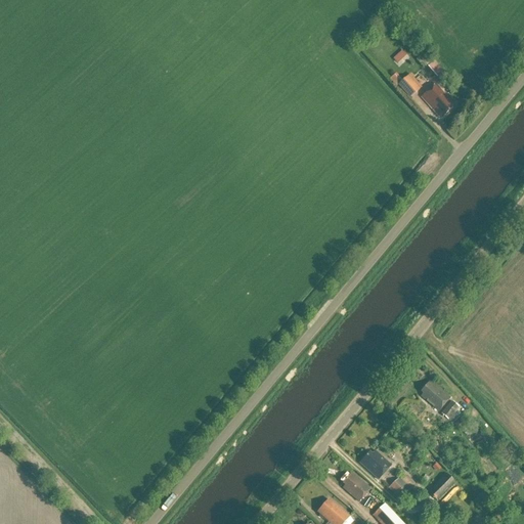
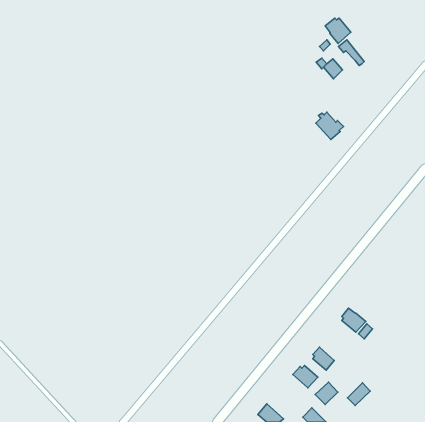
building: none -> [325,18,351,43]
building: [422,83,455,117] -> [316,112,343,140]
building: [343,472,369,500] -> [313,347,334,370]

